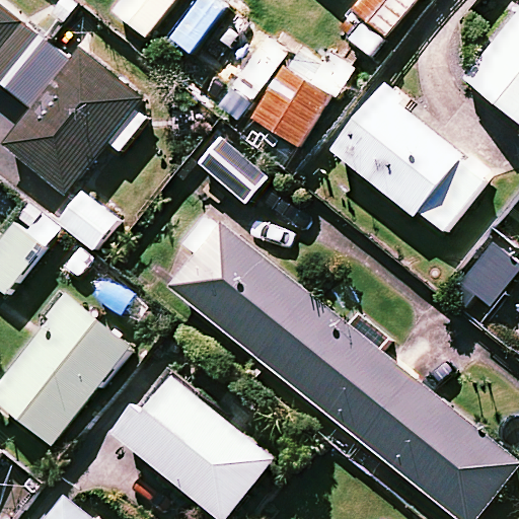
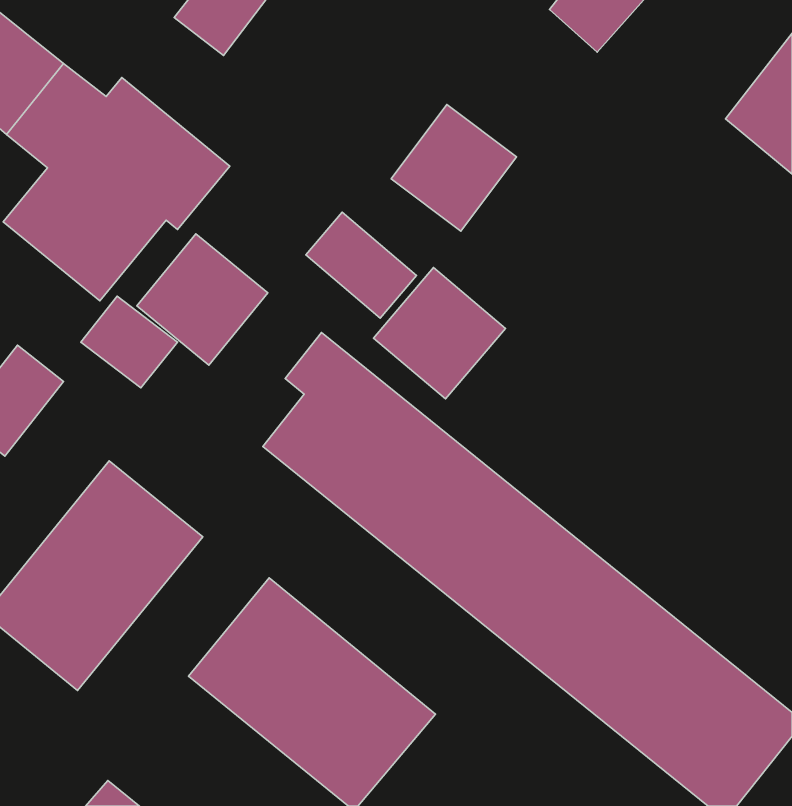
building: [331,90,484,233] -> none
building: none -> [137,234,268,365]
building: none -> [373,268,505,399]

